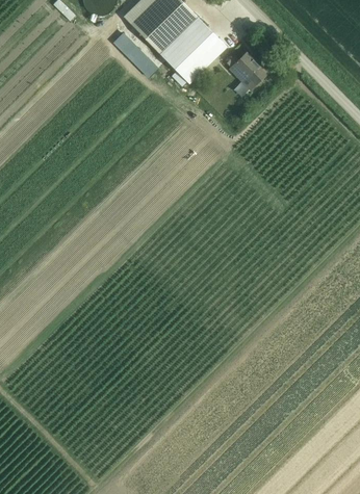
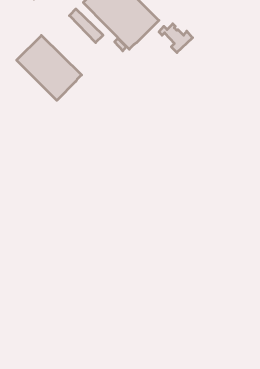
building: none -> [17,35,82,100]

